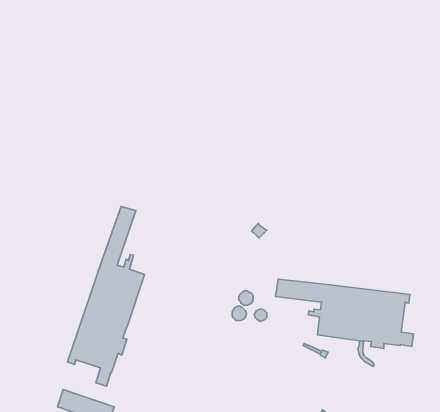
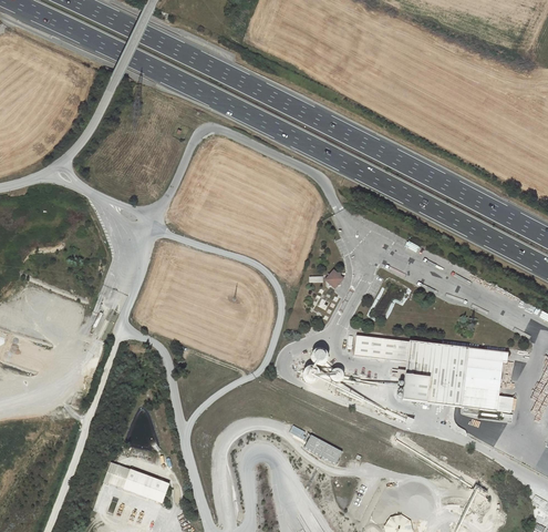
building: [67,206,144,386] -> none

